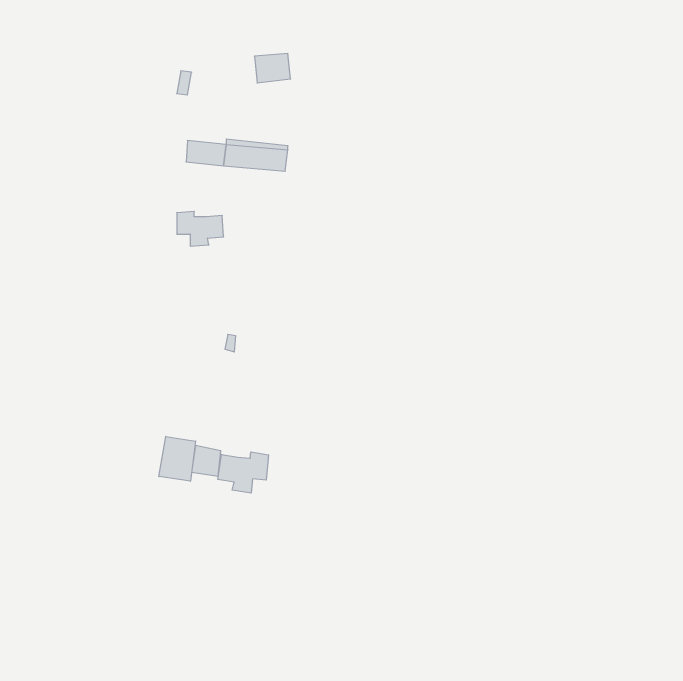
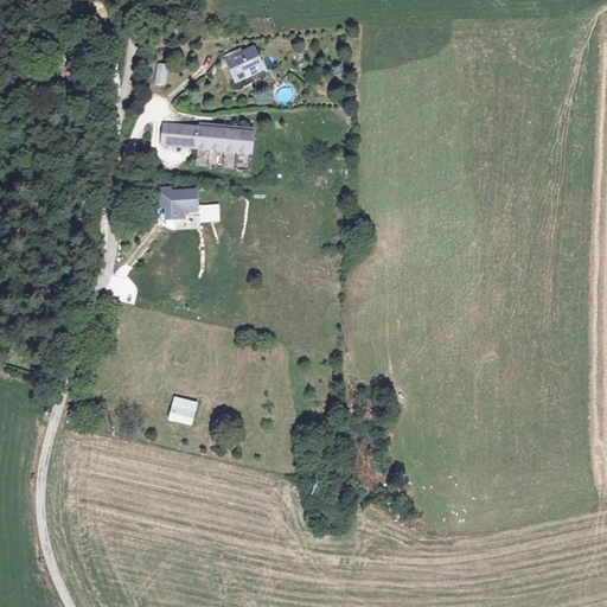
building: [159,436,196,481] -> none
building: [218,452,269,493] -> none

